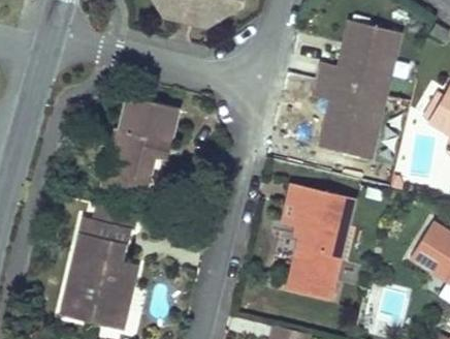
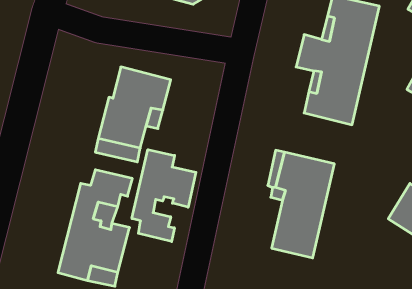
building: none -> [132,150,196,242]

